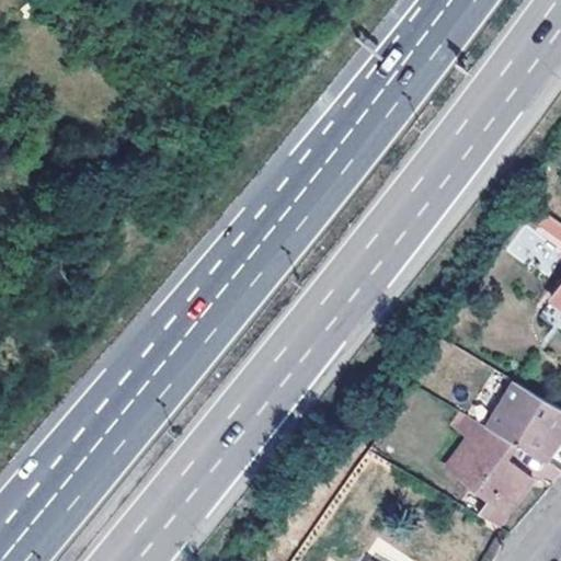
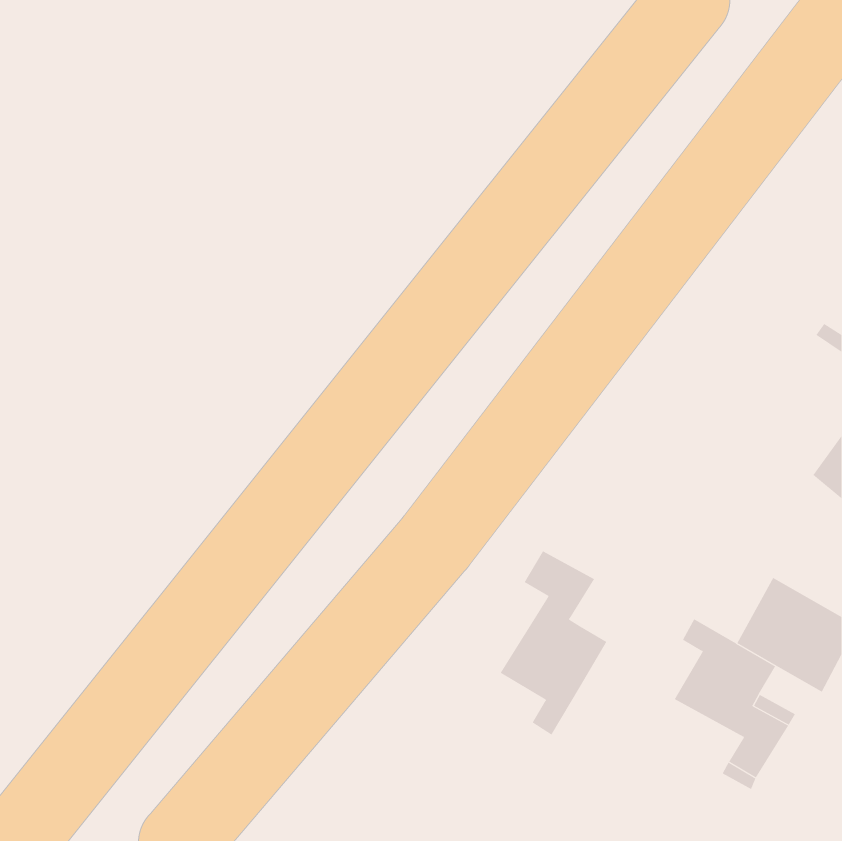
building: none -> [500,550,607,735]

